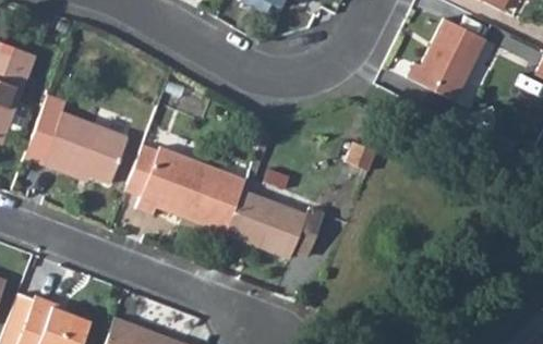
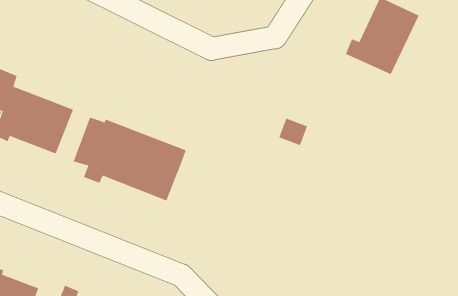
building: [222,189,322,255] -> none

